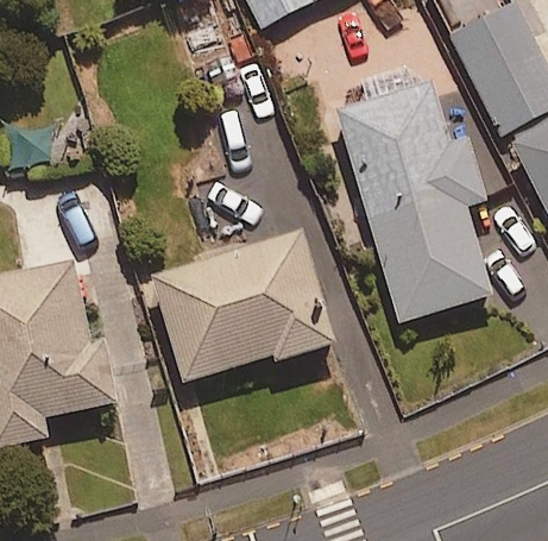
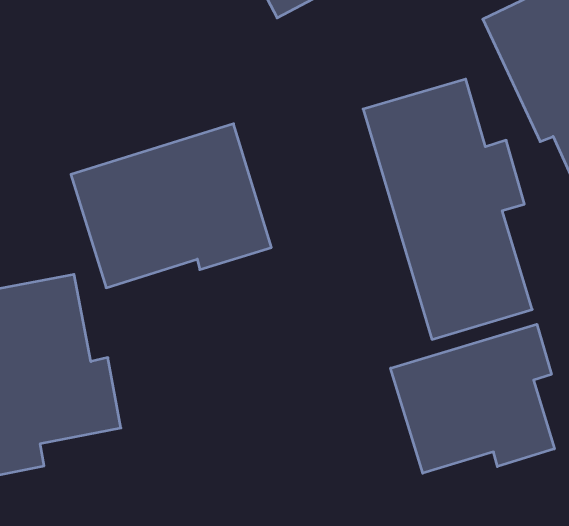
building: [152,231,335,380] -> [71,124,271,288]
building: none -> [391,324,554,473]

